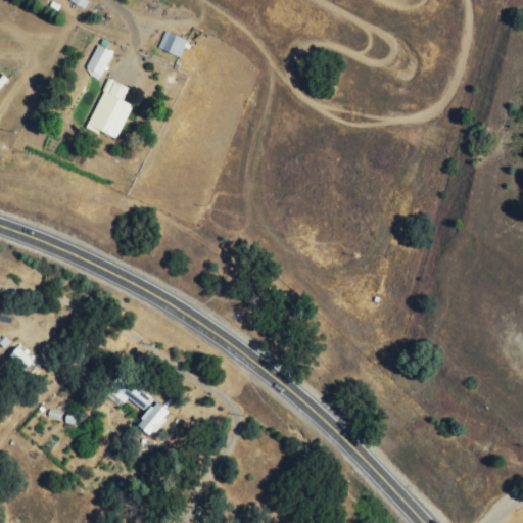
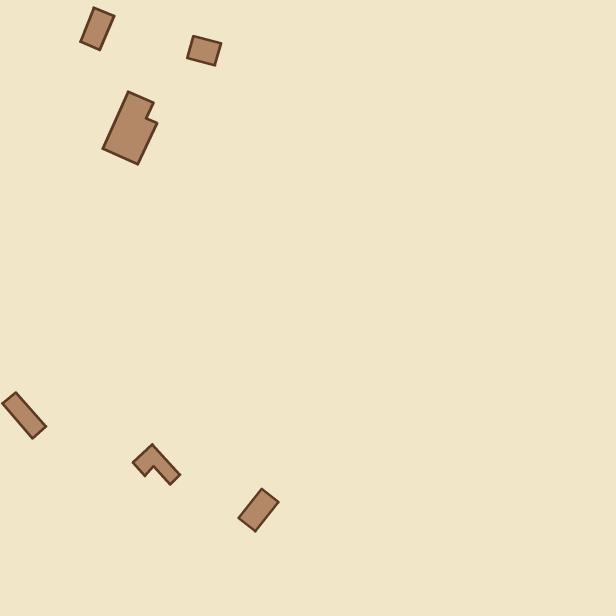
building: [84,44,112,80] -> [80,8,114,50]
building: [141,399,175,435] -> [239,489,278,531]

